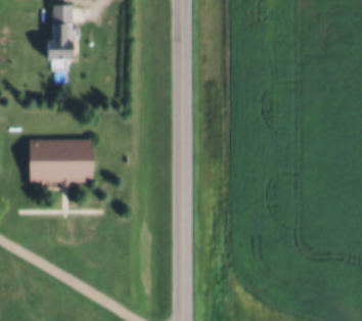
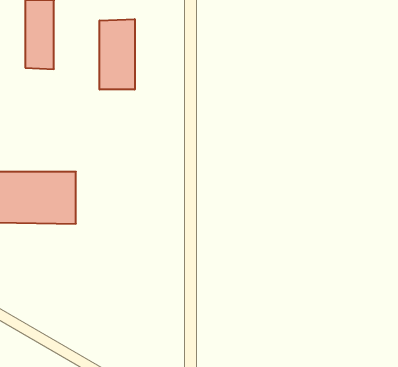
building: none -> [100,19,135,90]

